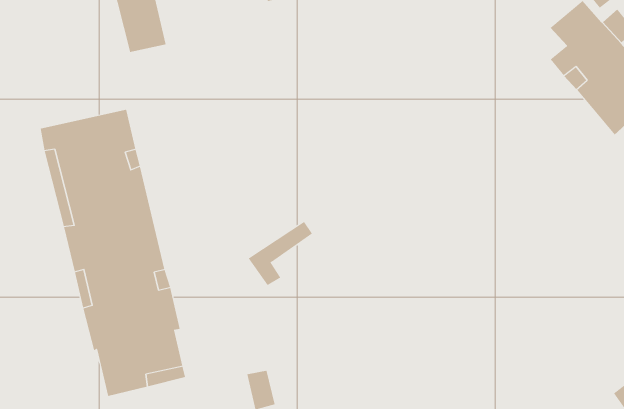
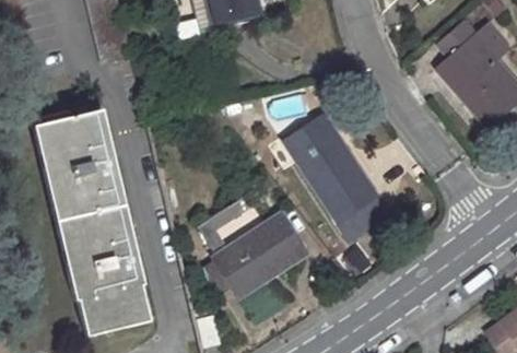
building: none -> [285,115,388,242]
building: none -> [205,212,306,296]

